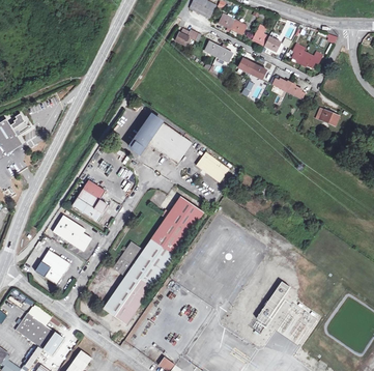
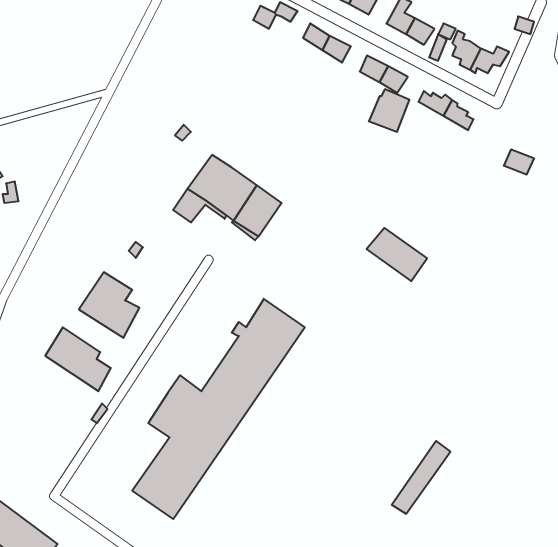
building: [195,150,230,181] -> [367,228,427,281]
building: [41,252,70,285] -> none

